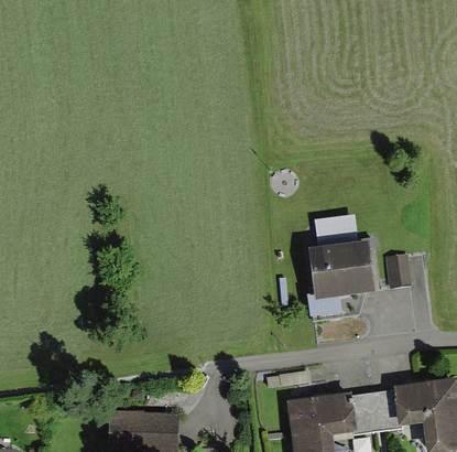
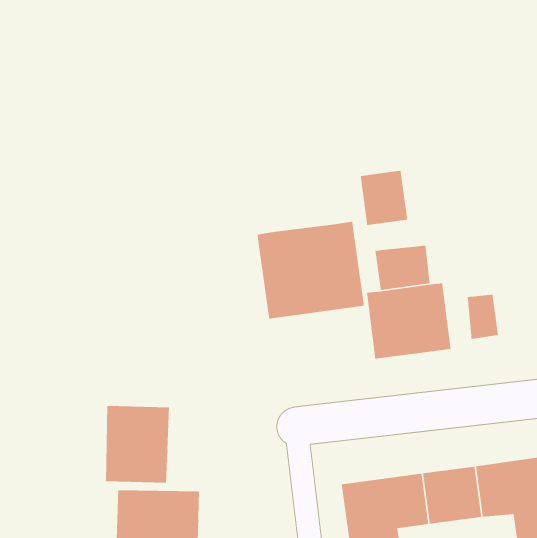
building: none -> [360,170,408,226]
building: none -> [257,221,365,320]
building: none -> [105,405,170,483]

